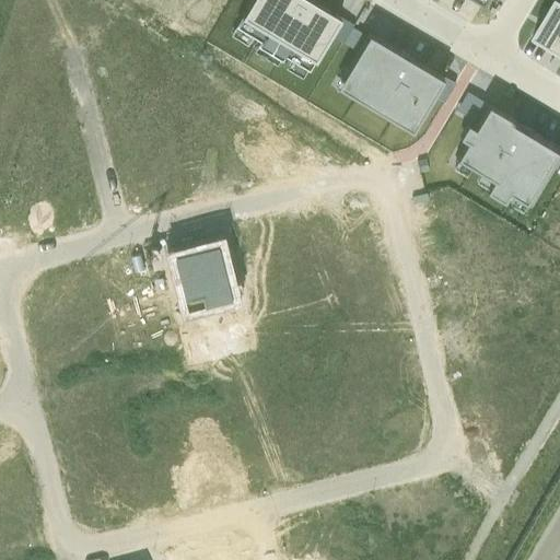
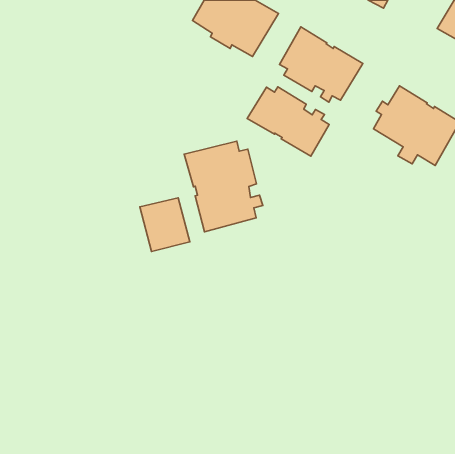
building: none -> [247,87,329,156]
building: none -> [184,141,263,232]

